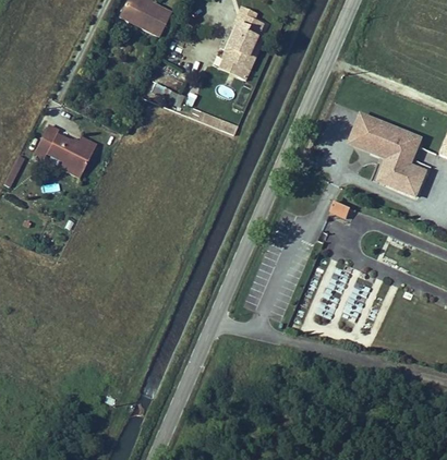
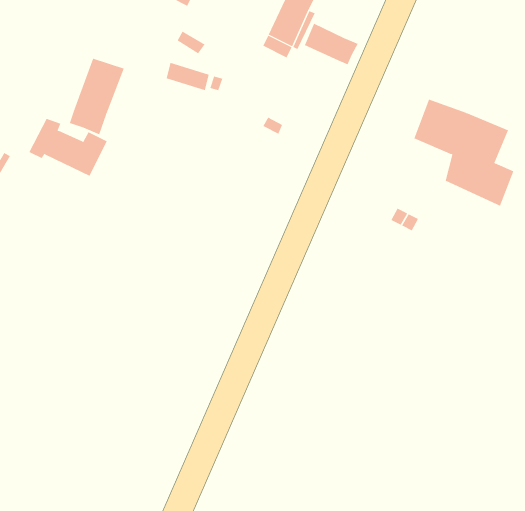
building: none -> [304,23,358,65]
building: none -> [69,58,124,135]

